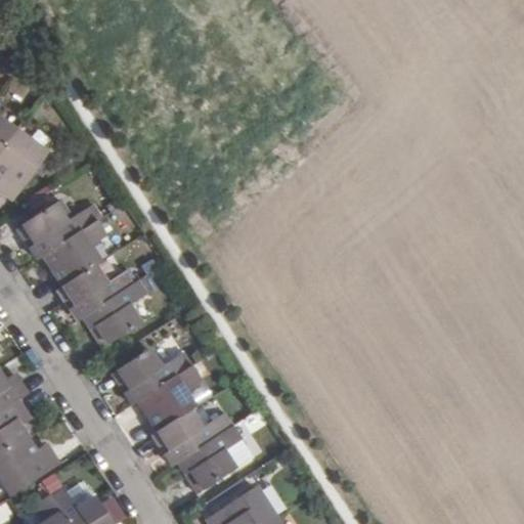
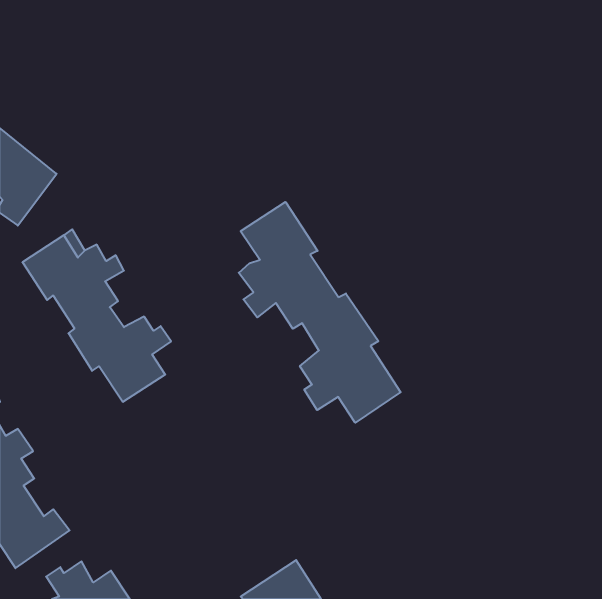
building: none -> [239,202,401,423]
building: [115,351,243,491] -> none

